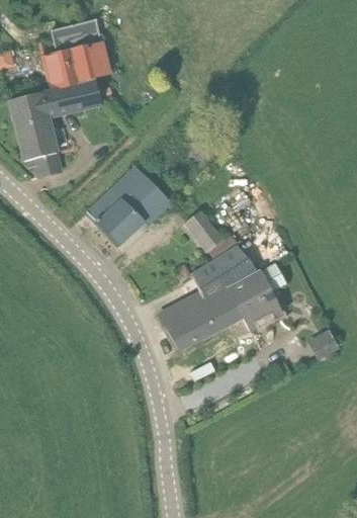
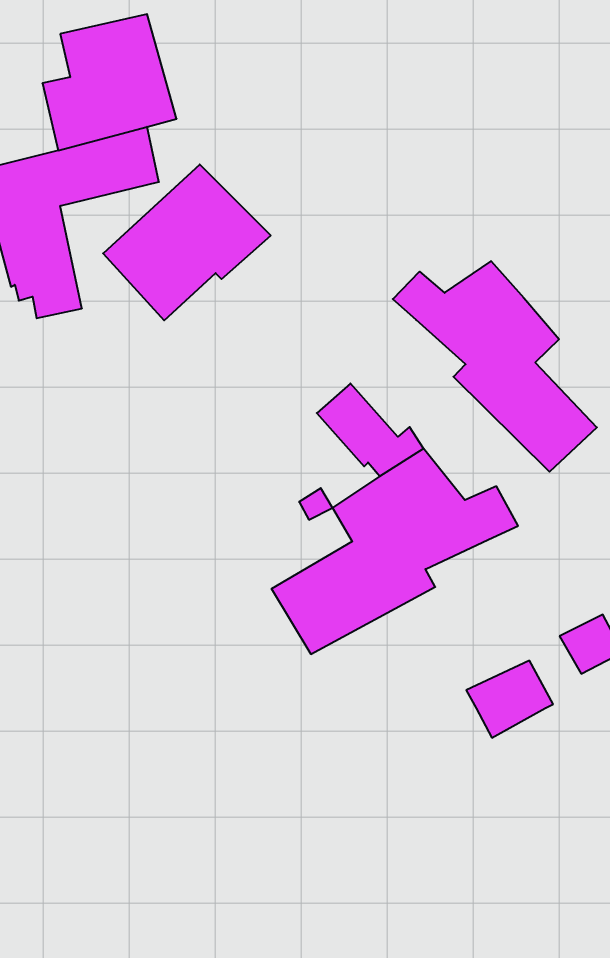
building: none -> [393,261,597,472]
building: [86,167,172,247] -> [103,164,271,320]
building: [238,290,282,330] -> [466,661,553,738]

